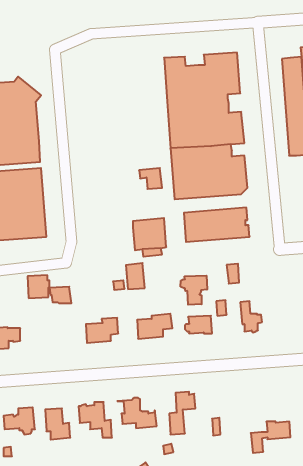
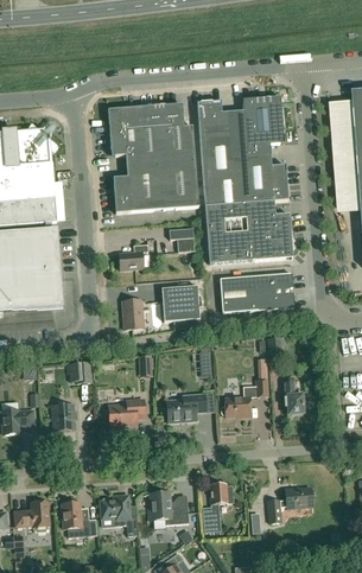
building: none -> [108,102,198,211]
building: none -> [119,242,148,268]
building: [126,263,145,289] -> [122,298,144,327]
building: [28,275,49,298] -> [51,403,76,429]
building: [181,276,207,305] -> none
building: [251,422,290,453] -> [267,486,312,522]

